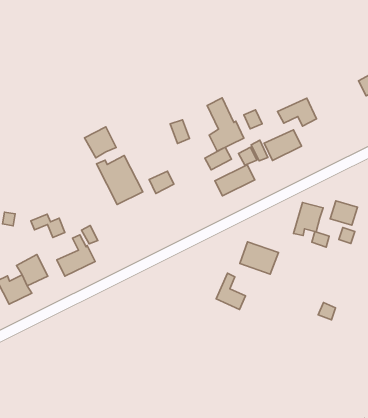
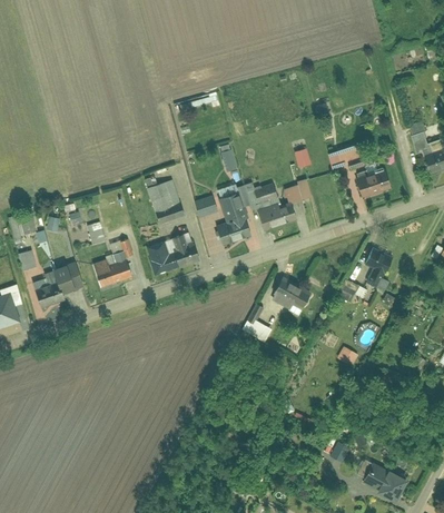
building: [207,98,244,151] -> [216,191,249,243]
building: [85,127,116,158] -> none
building: [264,130,301,160] -> [355,170,391,197]
building: [293,203,323,236] -> none
building: none -> [147,234,198,273]

